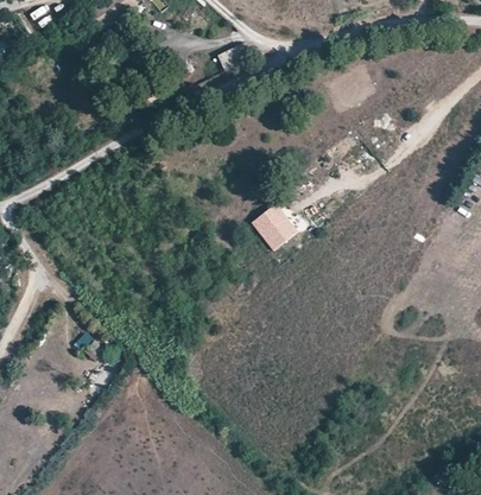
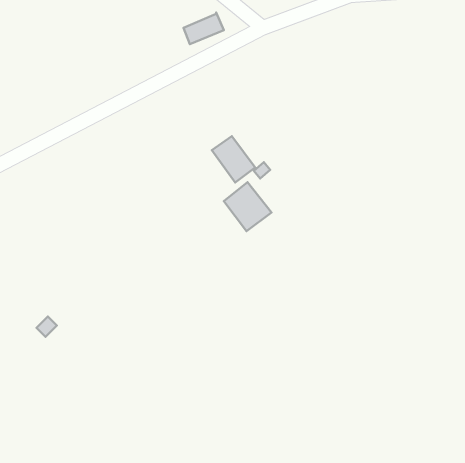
building: none -> [212,136,255,183]

